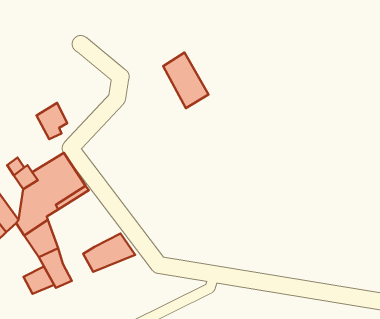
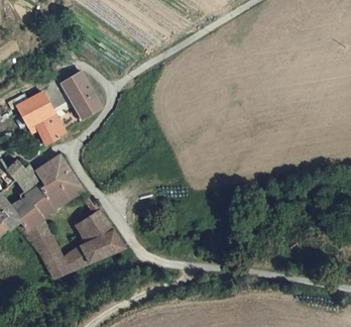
building: [163,53,208,108] -> [61,71,101,120]
building: none -> [19,93,52,126]
building: none -> [76,208,109,241]
building: [24,267,54,294] -> [57,247,85,271]

